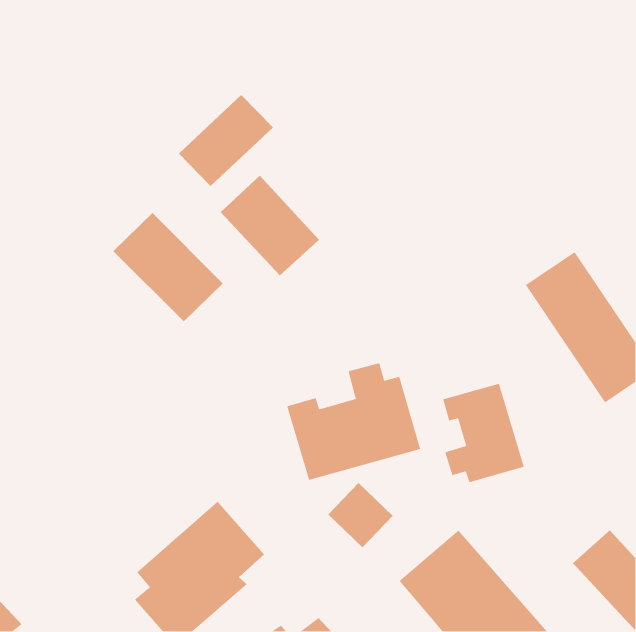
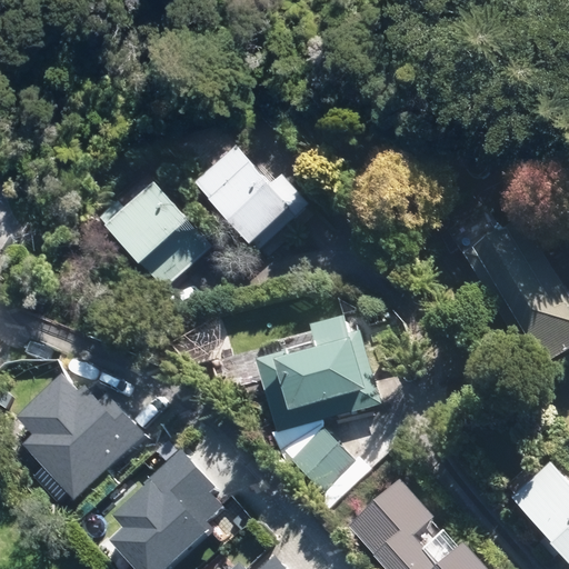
building: [178,94,274,187] -> none
building: [442,383,525,483] -> none
building: none -> [27,369,150,488]

